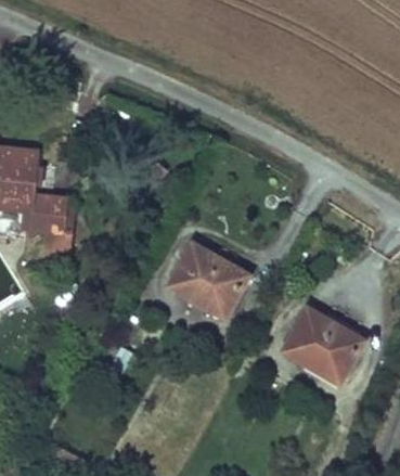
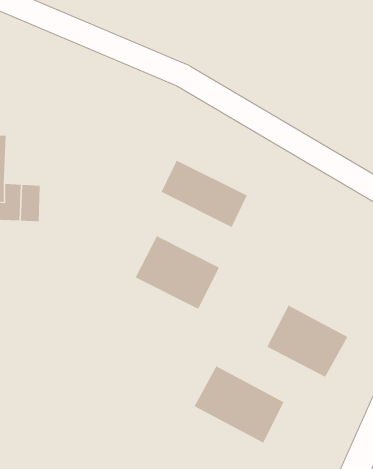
building: none -> [161,160,247,228]
building: none -> [194,365,284,443]

